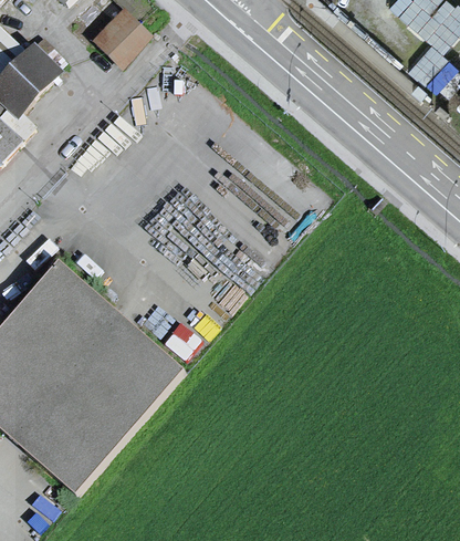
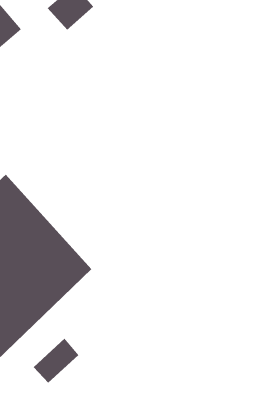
building: none -> [33,338,79,383]

